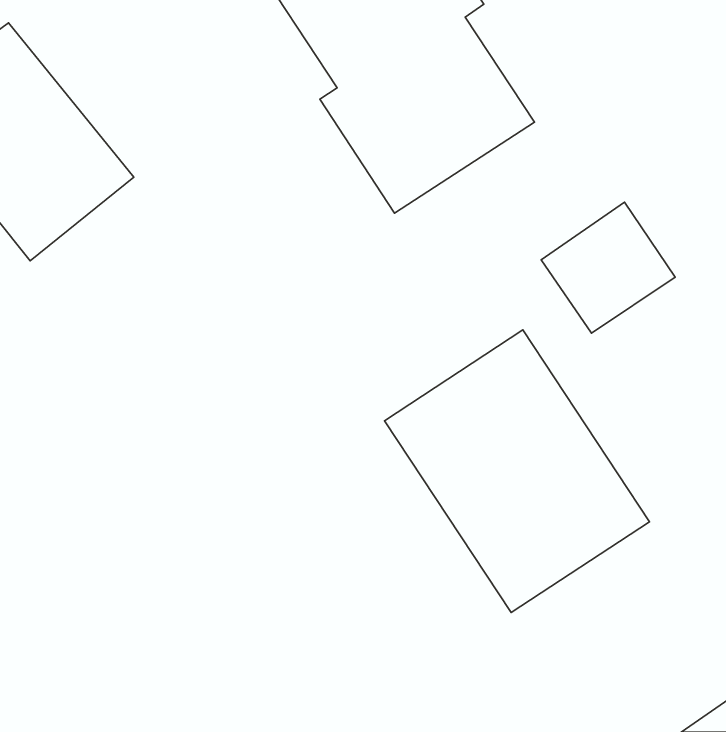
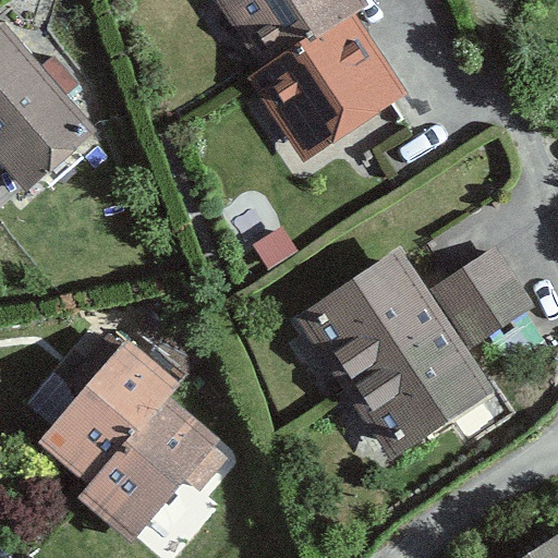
building: [541,202,675,333] -> [430,246,532,345]
building: none -> [38,335,210,536]

